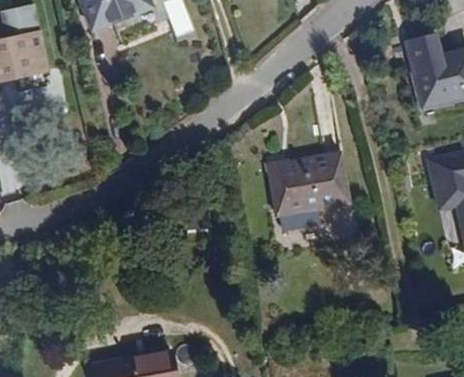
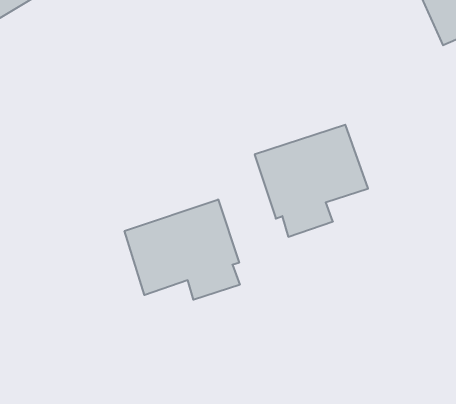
building: none -> [125,199,240,300]

